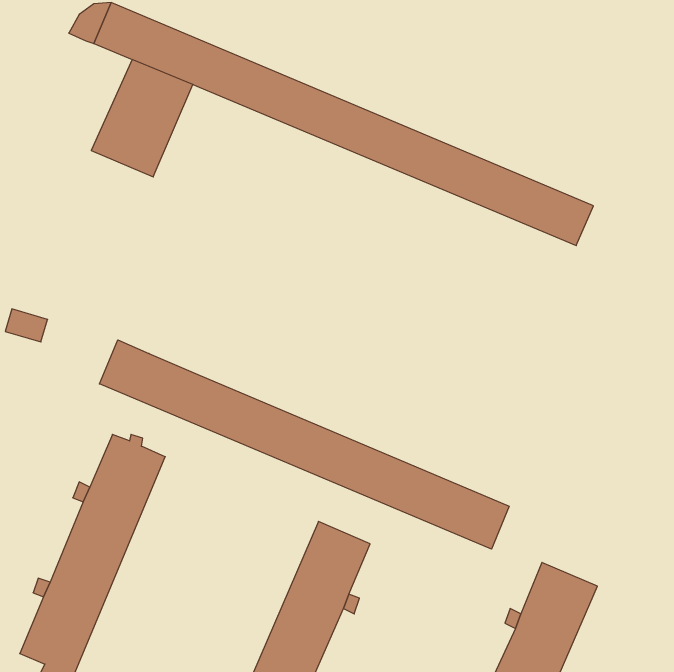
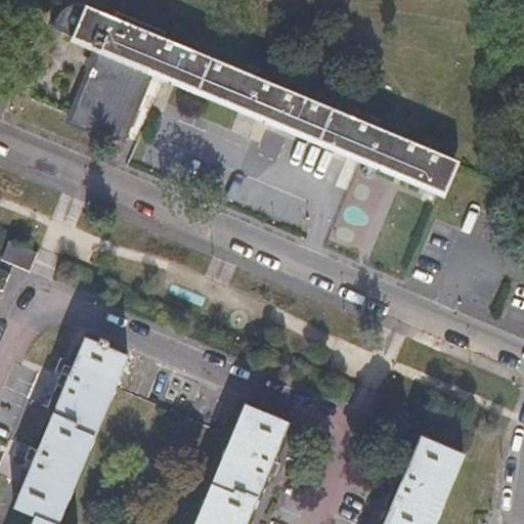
building: [99,340,509,549] -> none

